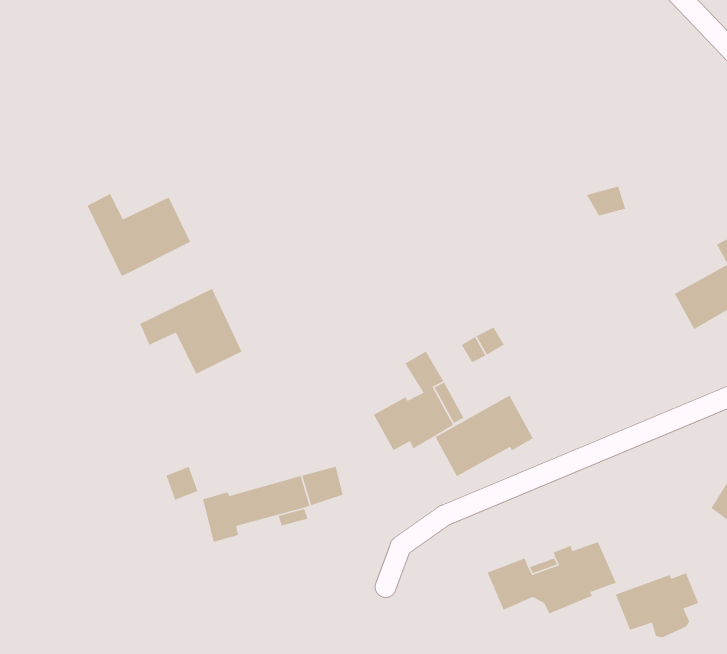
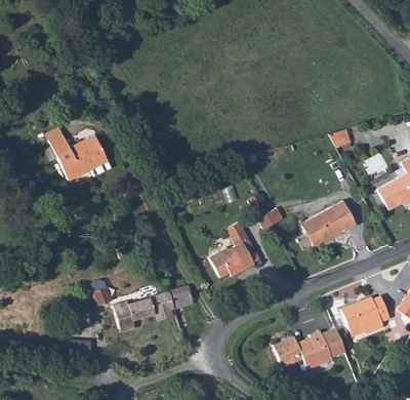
building: [139,288,243,375] -> none
building: [435,395,534,477] -> [301,200,357,246]
building: [615,572,699,638] -> [341,296,388,333]

